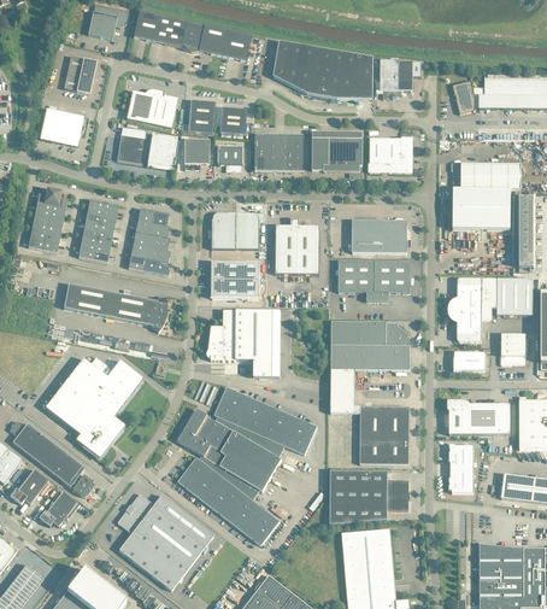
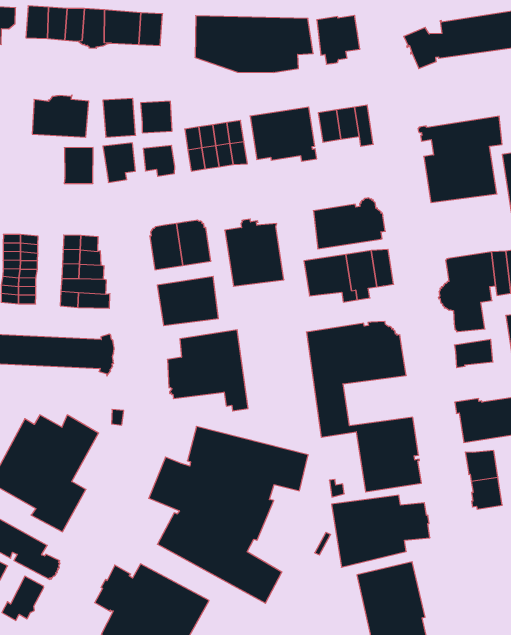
building: [117,128,152,164] -> none

